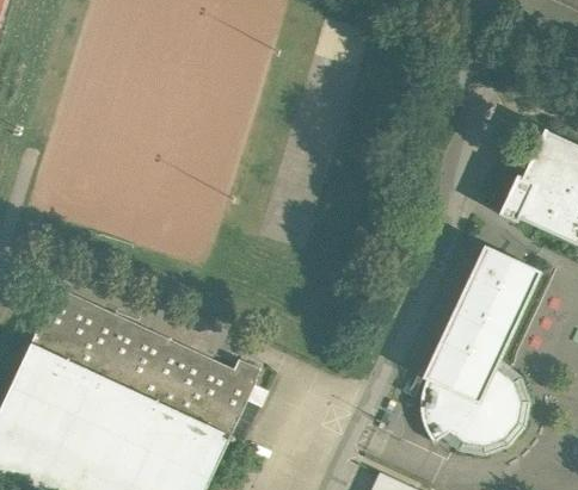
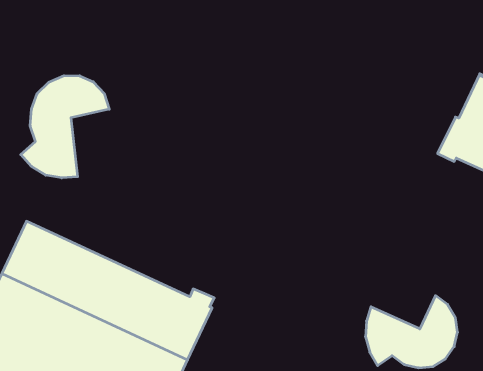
building: none -> [21,76,109,178]
building: [422,243,541,402] -> none

